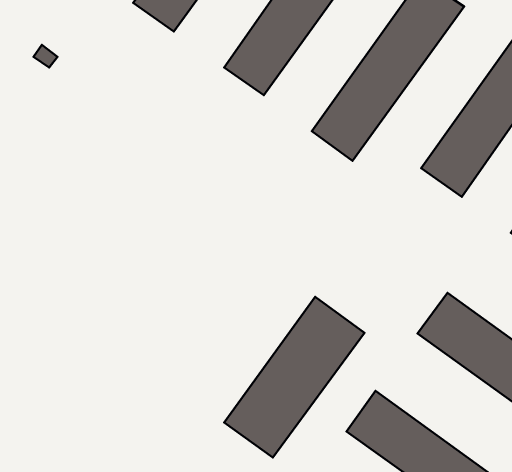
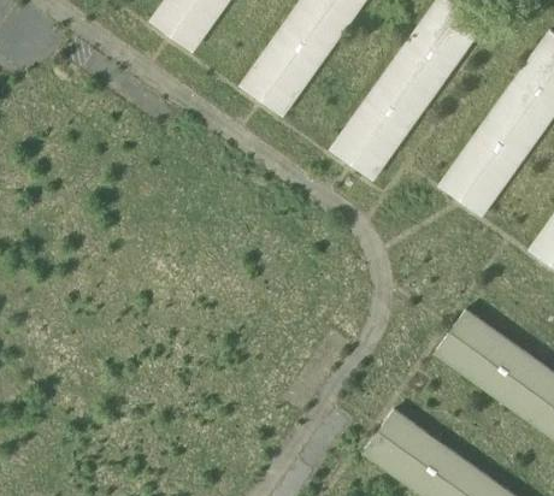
building: [224,297,365,457] -> none

